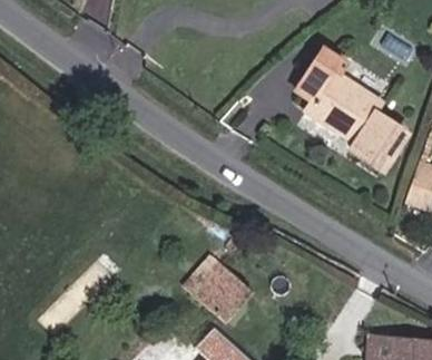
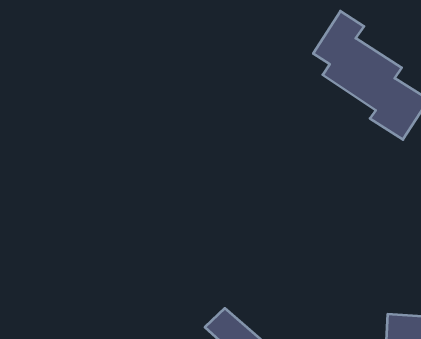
building: [184,264,248,321] -> none

